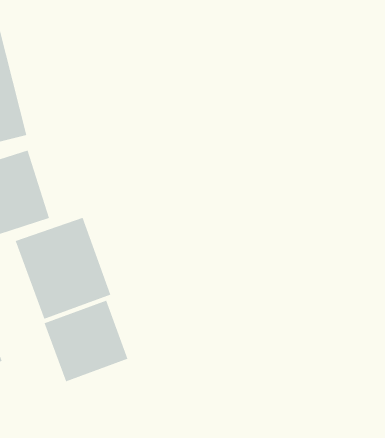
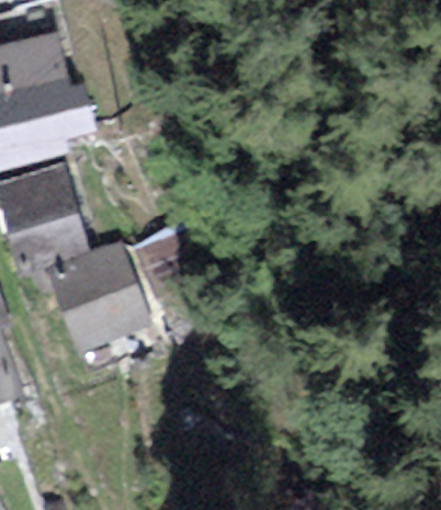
building: [44,300,128,382] -> none

